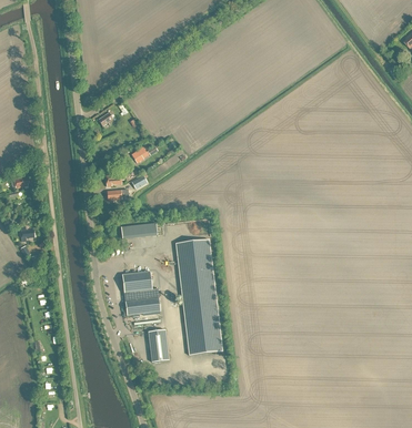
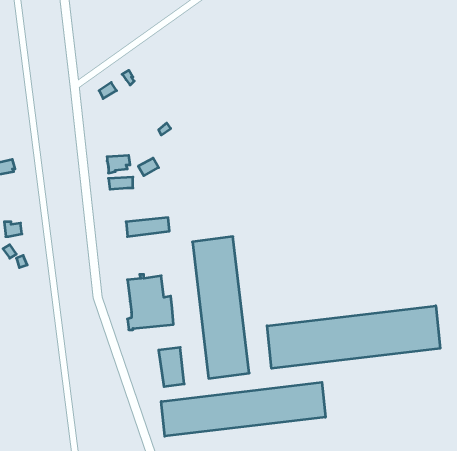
building: none -> [267,306,440,368]
building: none -> [161,382,325,436]

